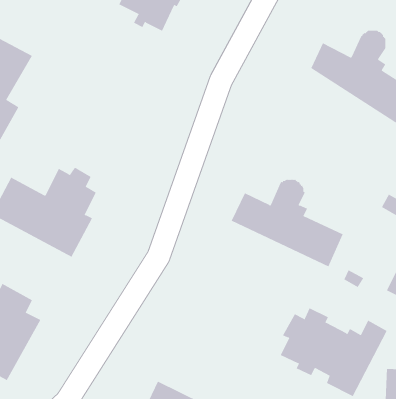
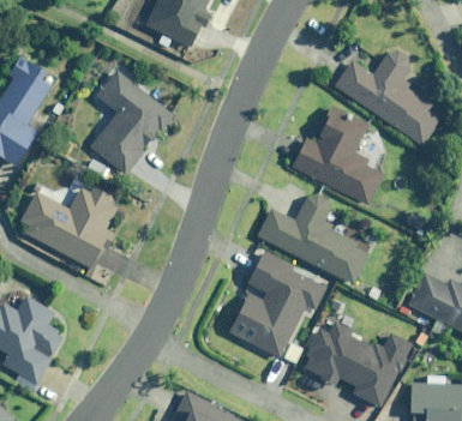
building: none -> [97,66,184,175]
building: none -> [292,106,382,202]
building: none -> [227,248,326,356]

